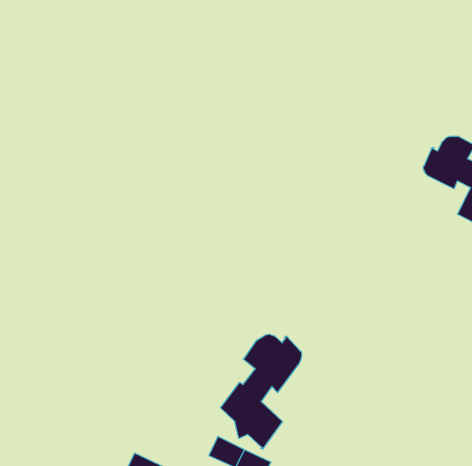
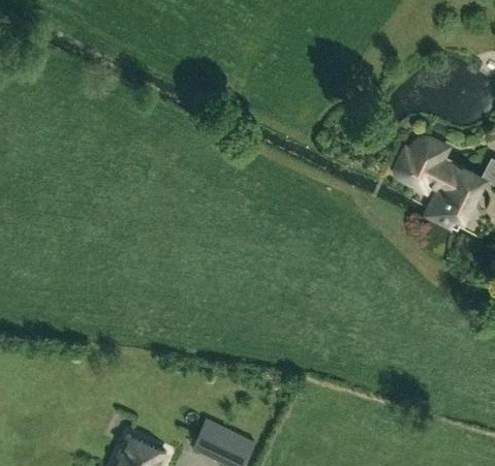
building: [221,334,301,449] -> none

